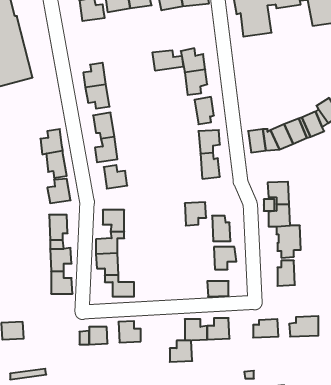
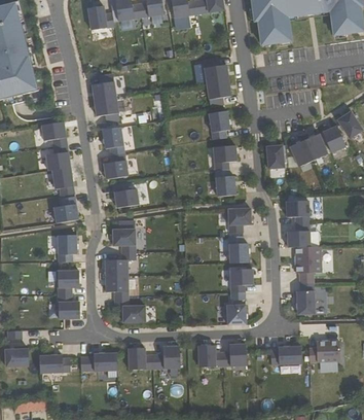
building: [153,50,183,71] -> none
building: none -> [41,121,67,146]
building: [185,202,206,226] -> [226,208,249,233]
building: none -> [39,355,66,374]
building: [170,341,192,362] -> [156,346,180,369]

